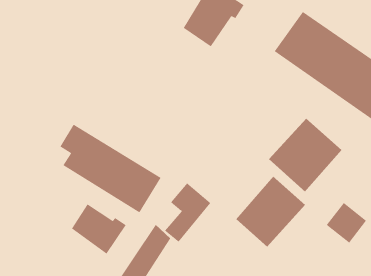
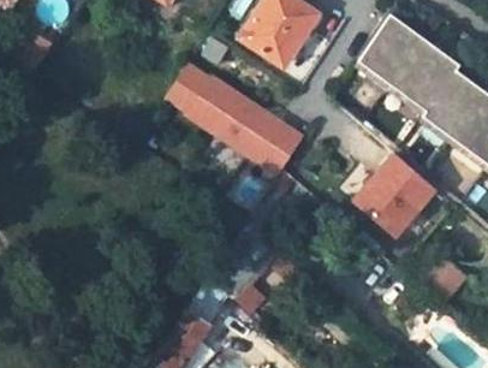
building: [60,124,161,213] -> [179,69,304,178]
building: [235,176,306,248] -> none
building: [71,204,126,254] -> none

